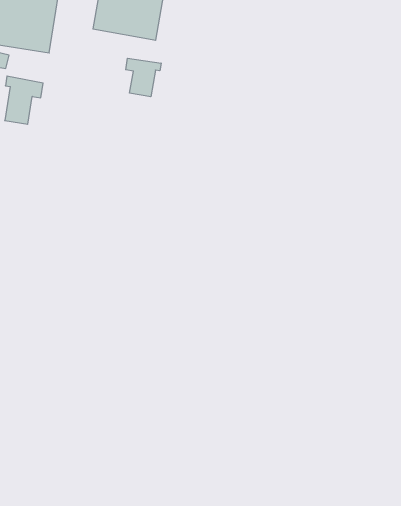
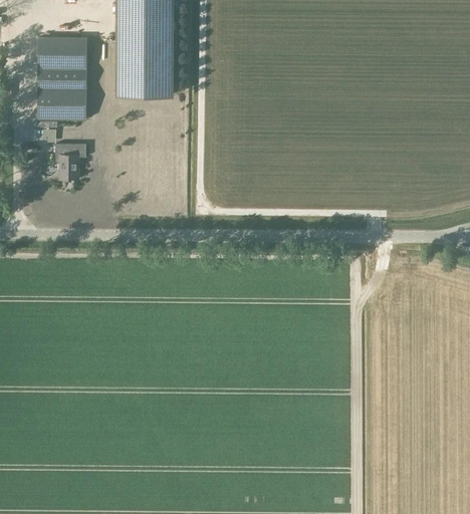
building: [126,58,161,97] -> none

